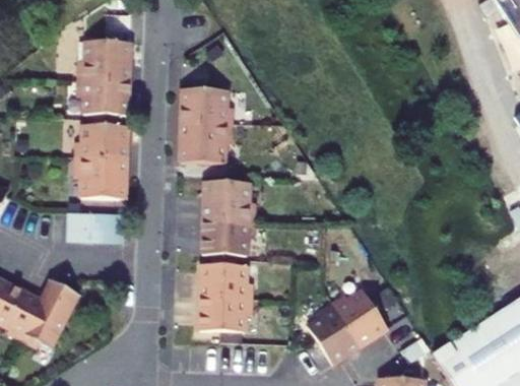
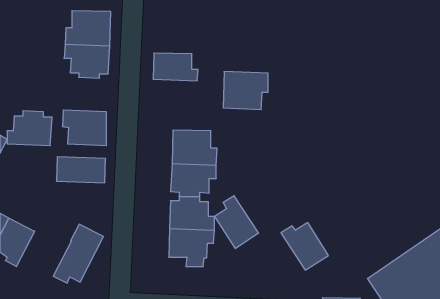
building: [75,118,128,158] -> [7,111,52,146]
building: [180,120,233,165] -> [223,72,268,110]
building: [20,279,79,348] -> [53,224,103,283]
building: [308,301,360,363] -> [214,196,259,248]

